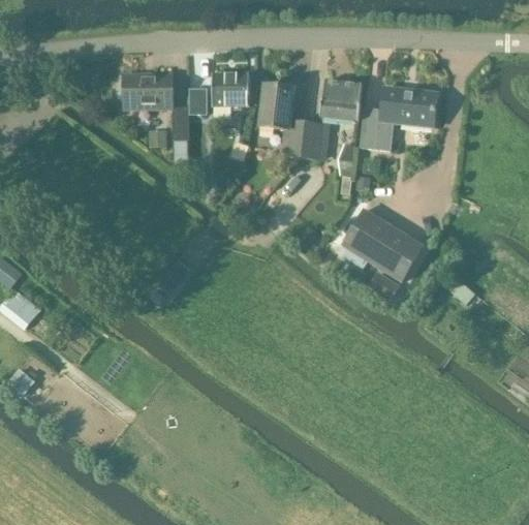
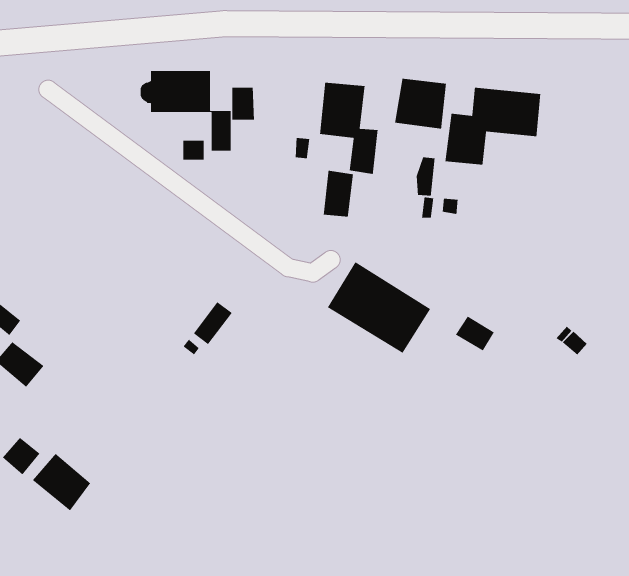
building: [212,72,248,105] -> none
building: [302,121,326,159] -> [323,170,354,218]
building: [340,207,424,281] -> [327,261,431,354]
building: none -> [32,453,91,512]

